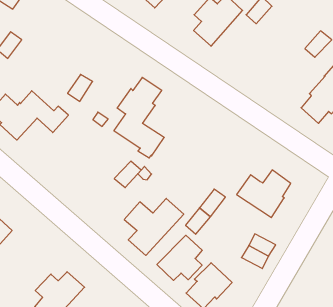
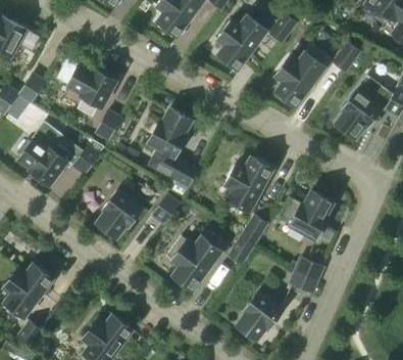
building: none -> [66,65,115,118]
building: none -> [274,46,330,107]
building: none -> [223,158,271,213]
building: none -> [96,190,142,239]
building: [157,235,202,280] -> none

